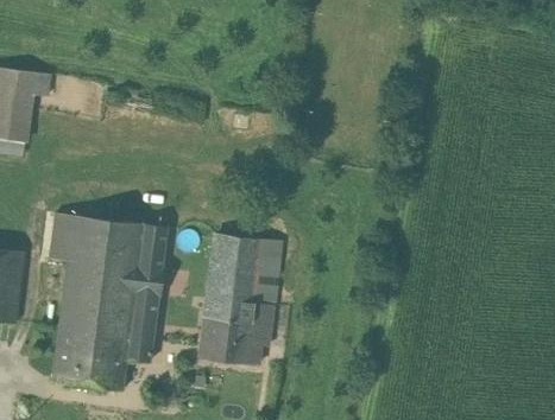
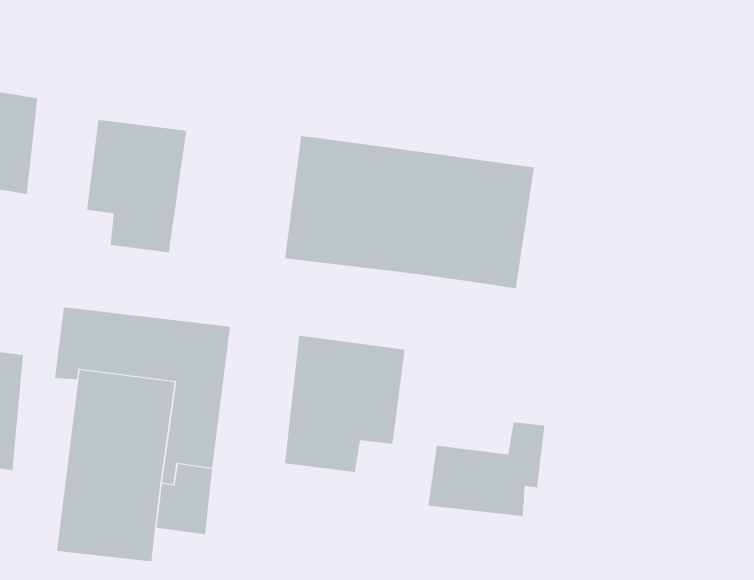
building: none -> [87,119,187,253]
building: none -> [285,136,534,289]
building: [196,303,275,365] -> [427,422,545,516]

